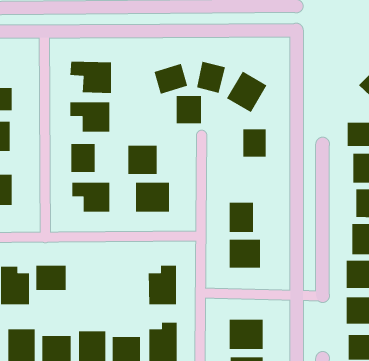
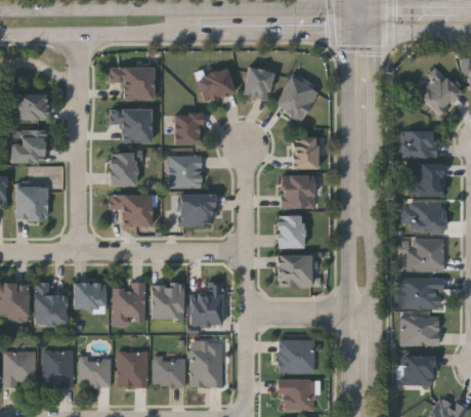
building: [176,95,202,124] -> [174,114,202,144]
building: none -> [283,175,314,209]
building: none -> [114,283,145,323]
building: none -> [152,283,184,319]

